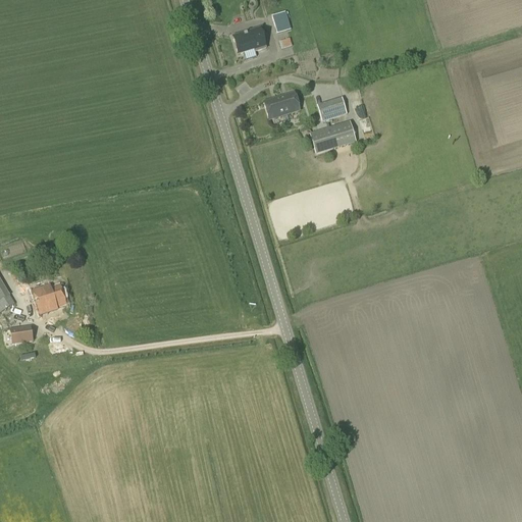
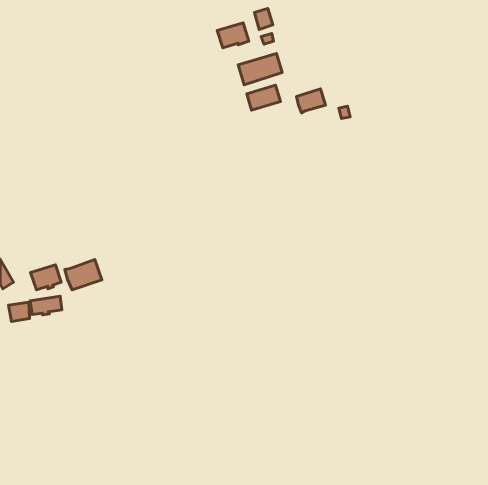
building: [310,119,357,153] -> [238,53,282,85]
building: none -> [65,260,102,290]
building: none -> [30,296,62,315]

